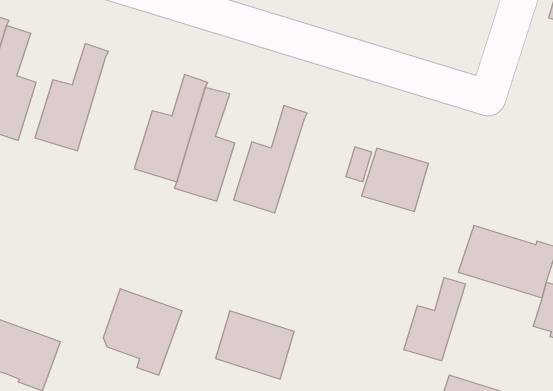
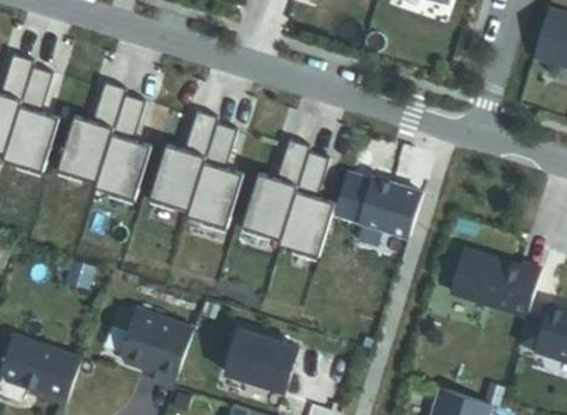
building: none -> [94,94,150,199]
building: none -> [278,151,334,256]
building: [404,277,465,361] -> none

